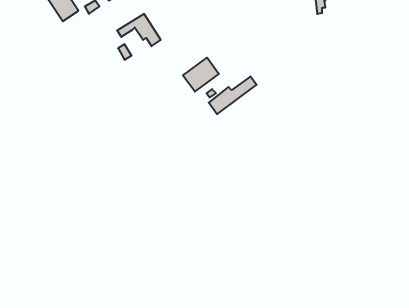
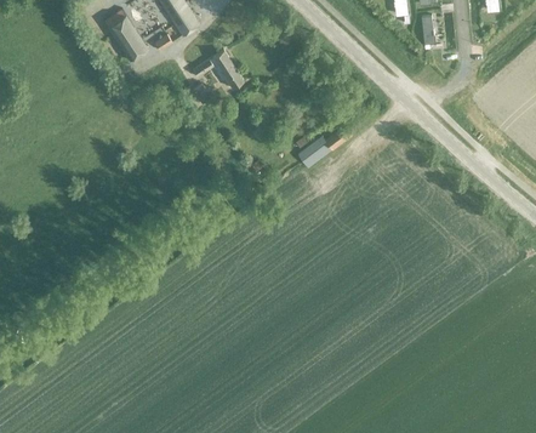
building: [183,58,219,92] -> none

